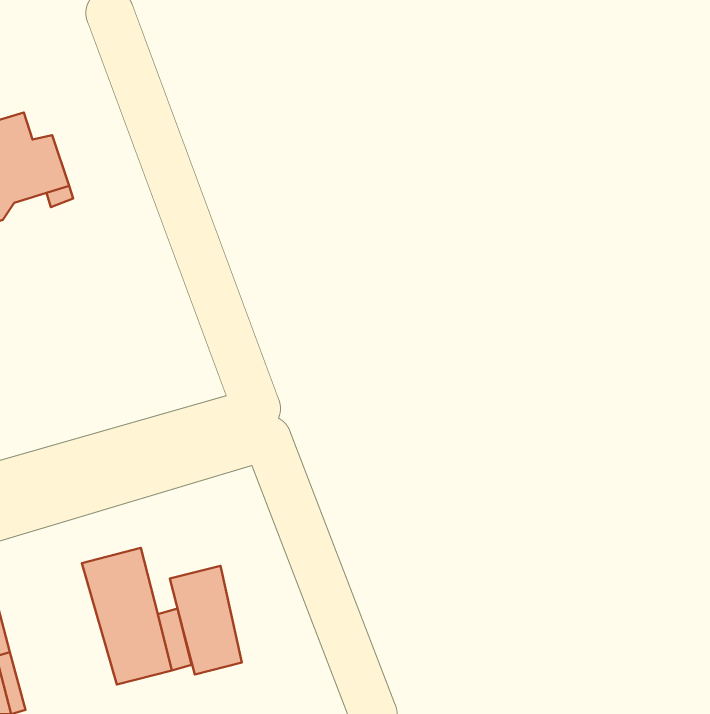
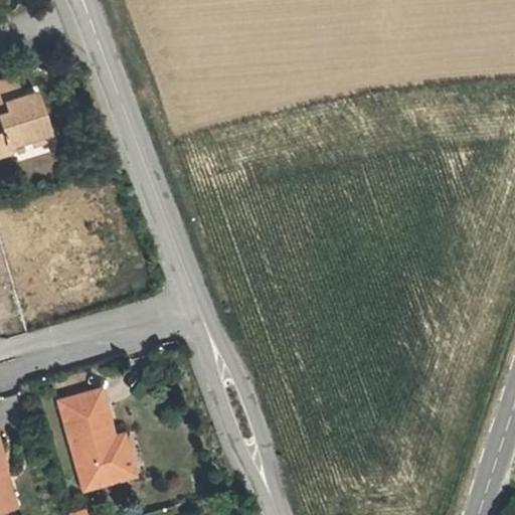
building: [170,566,242,675] -> none

